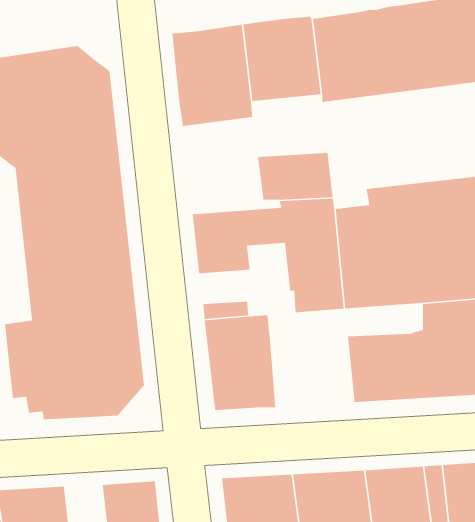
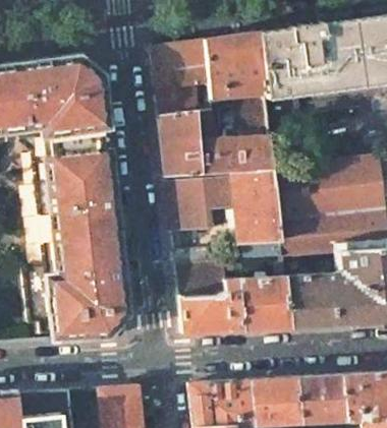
building: none -> [234,94,269,129]
building: none -> [159,111,220,177]
building: none -> [226,277,289,331]

